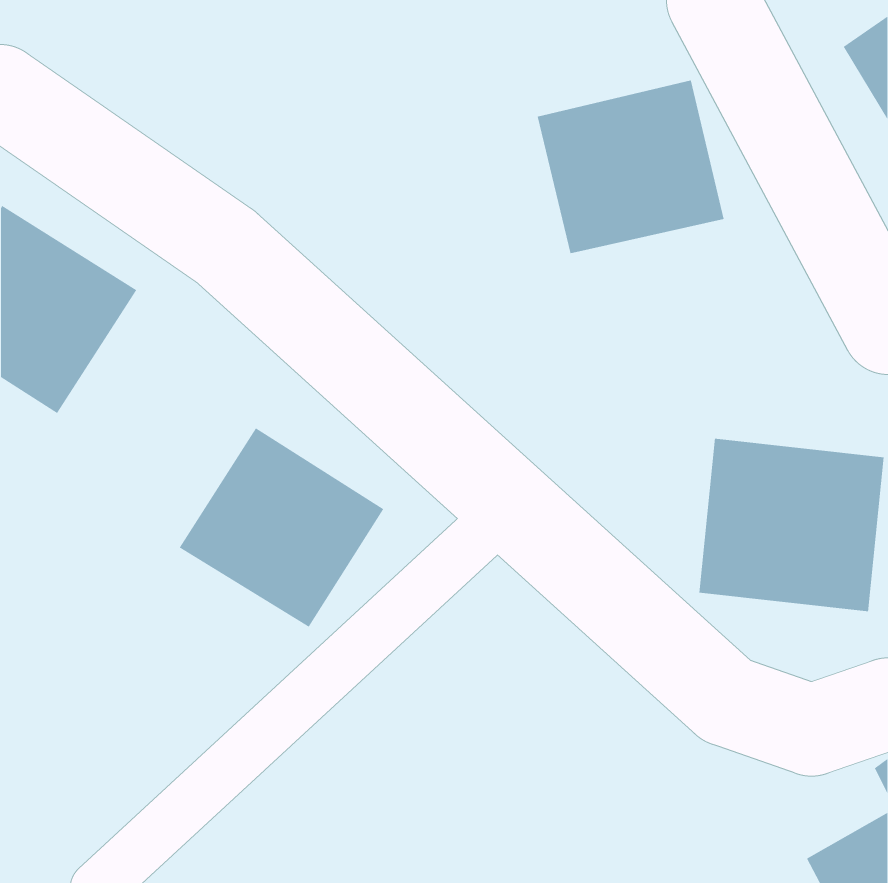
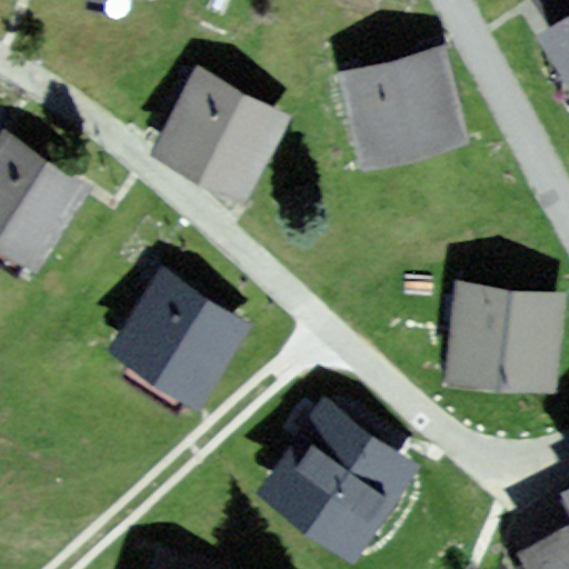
building: none -> [158,70,290,194]
building: none -> [259,407,418,563]

